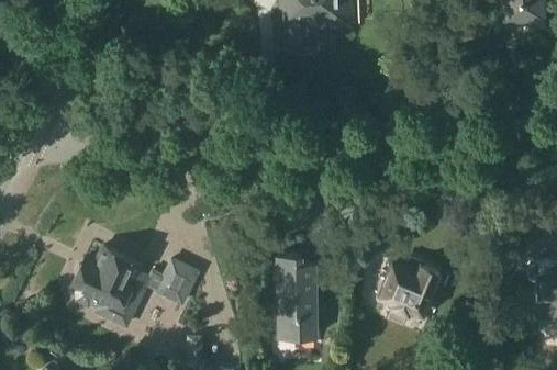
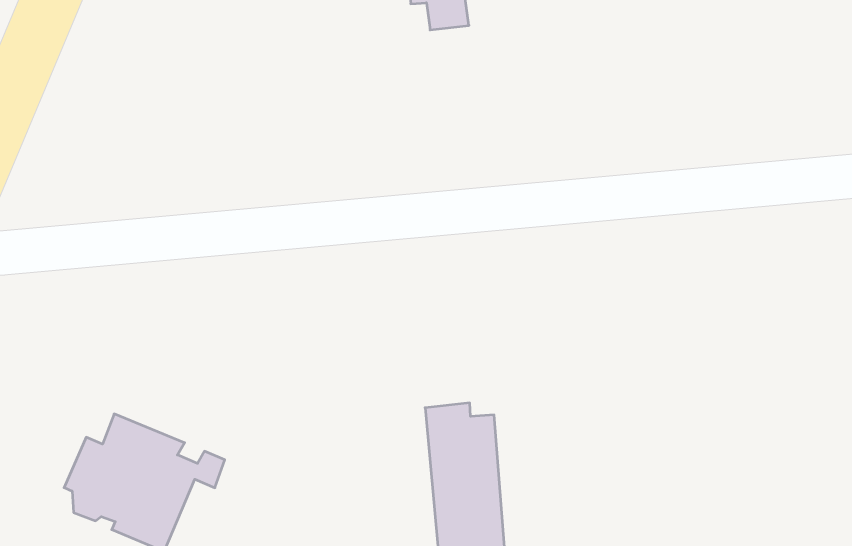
building: [155,260,196,304] -> none
building: [378,265,439,325] -> none

